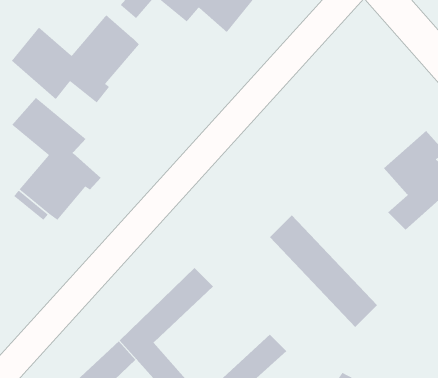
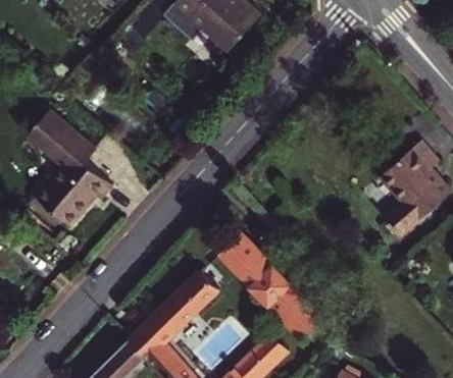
building: [11,14,140,104] -> none
building: [269,215,378,328] -> [218,231,321,338]

